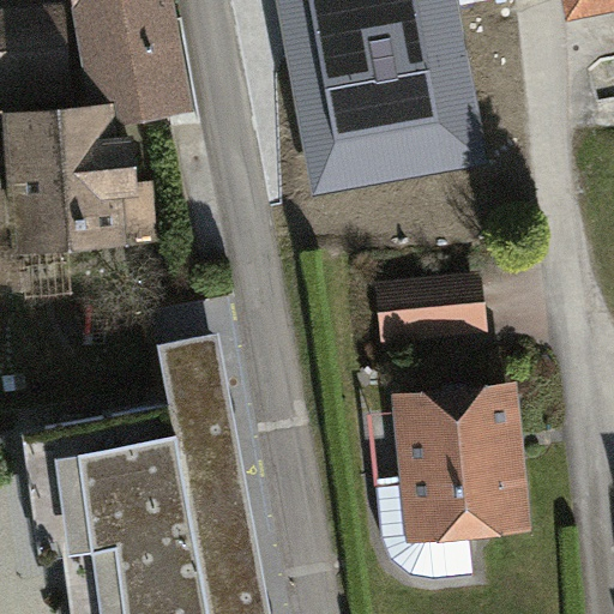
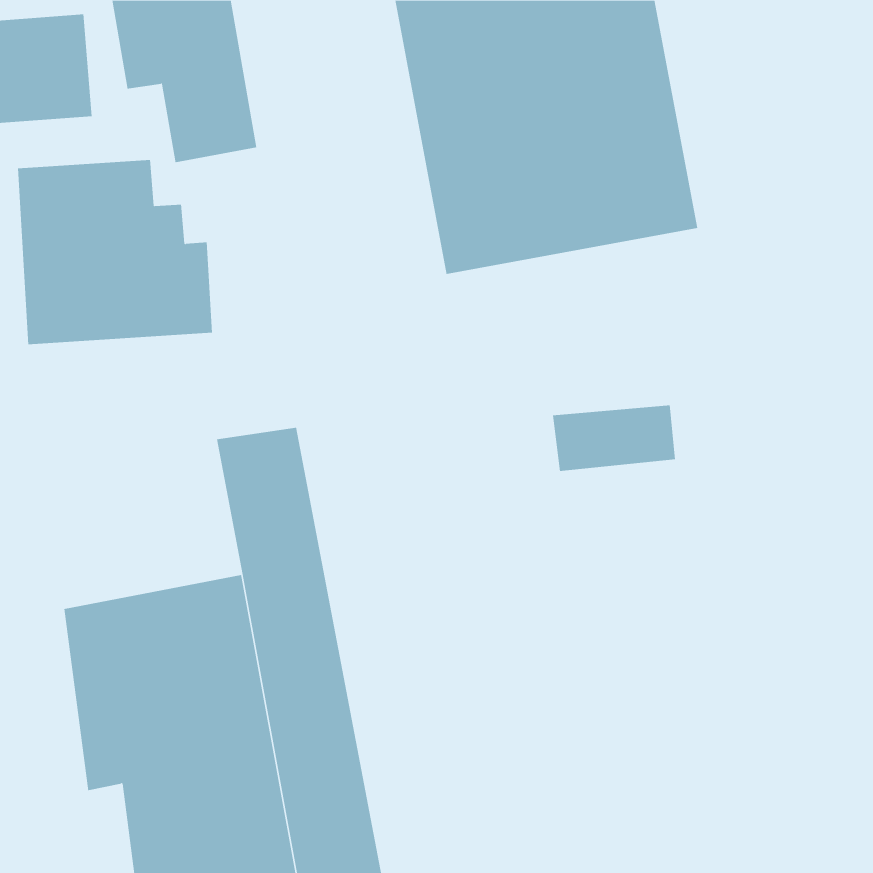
building: [375,392,518,580] -> none

